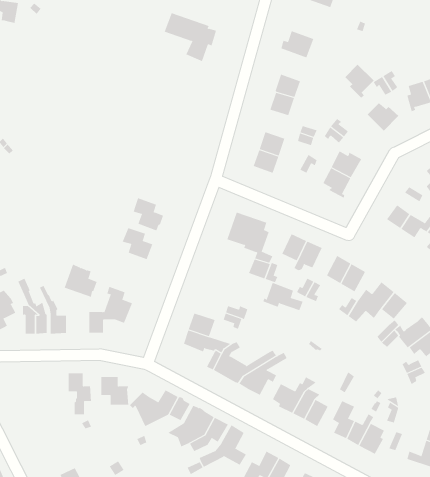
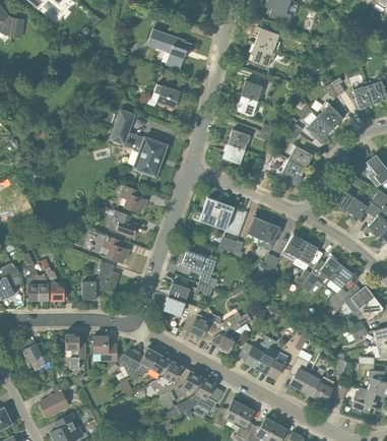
building: none -> [254,26,279,51]
building: [344,64,374,99] -> [307,115,332,144]
building: none -> [153,83,179,109]
building: none -> [110,110,166,176]
building: [64,264,98,298] -> [100,235,128,263]
building: [263,282,303,311] -> [178,250,212,274]
building: none -> [21,342,52,367]
building: none -> [39,381,70,417]

